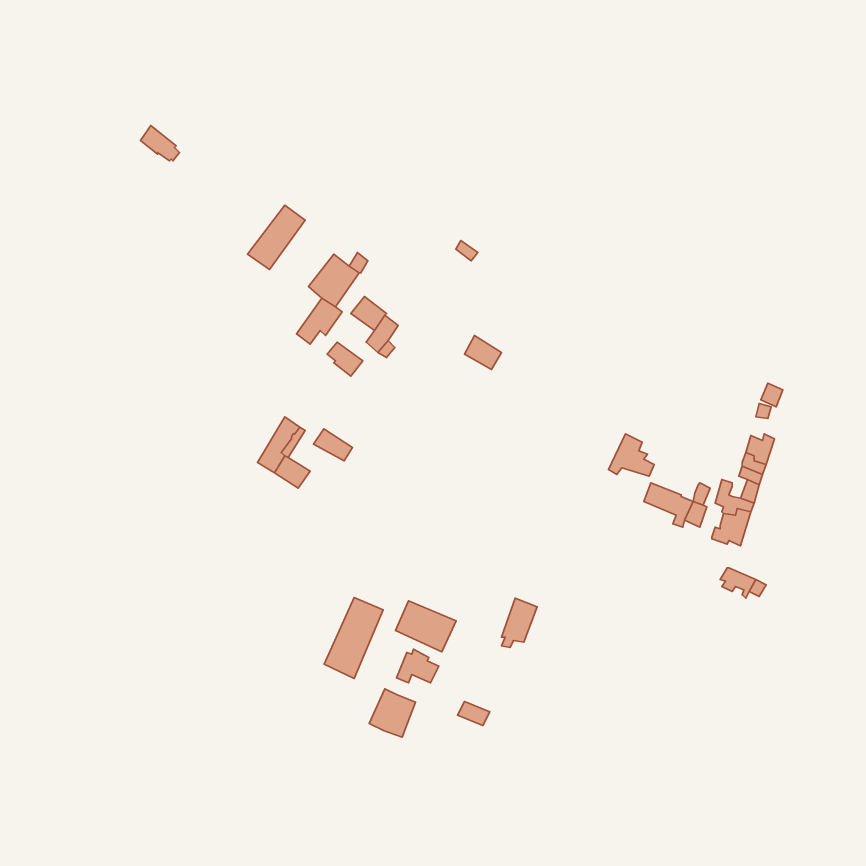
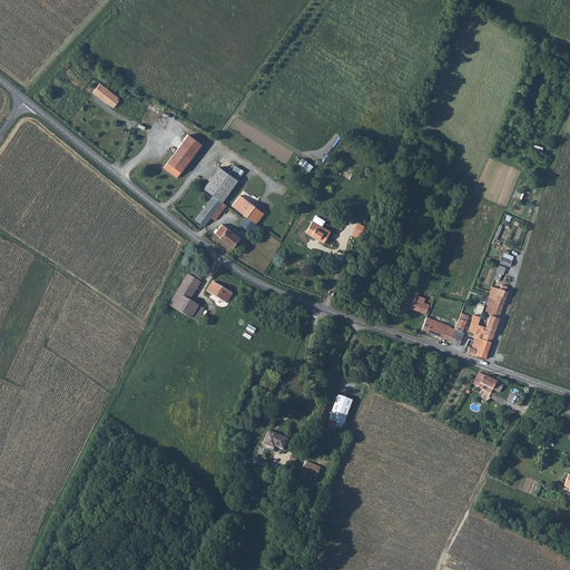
building: [324,597,383,679] -> none
building: [396,601,456,652] -> none
building: [369,689,415,737] -> none

